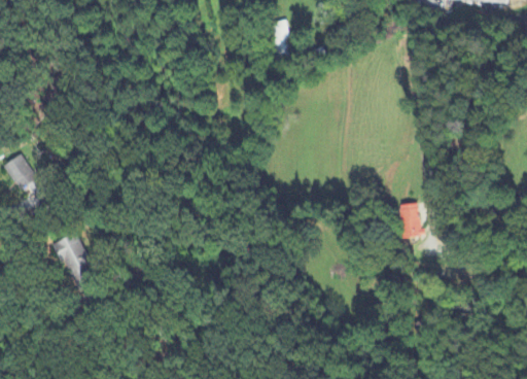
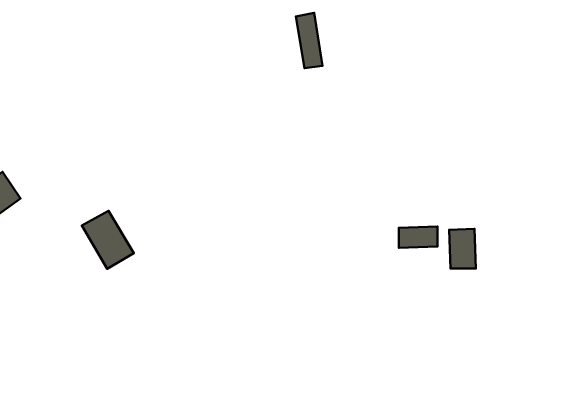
building: none -> [399,227,438,248]
building: [50,233,95,282] -> [82,211,134,269]

